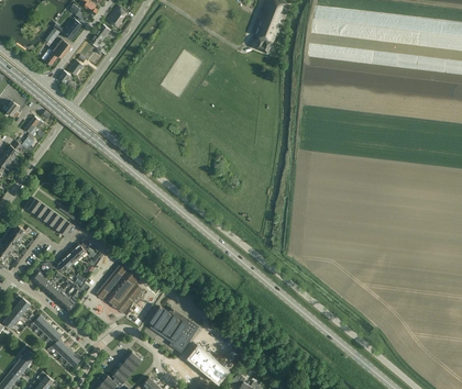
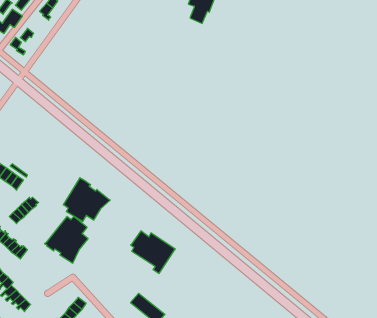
building: none -> [63,178,110,222]
building: [149,305,197,352] -> [131,231,175,273]

